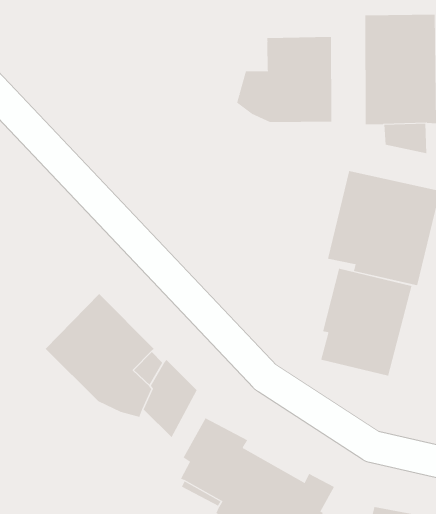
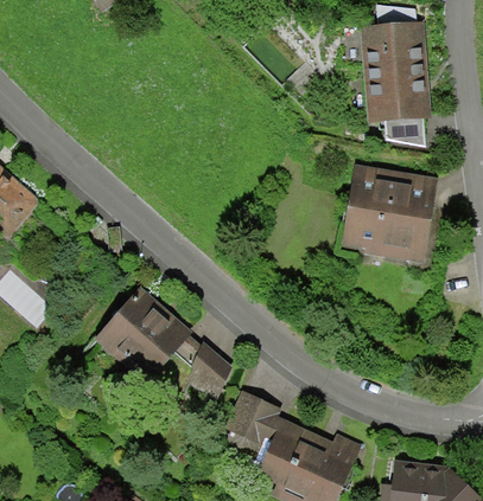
building: [236,36,332,123] -> none
building: [320,268,412,377] -> none

